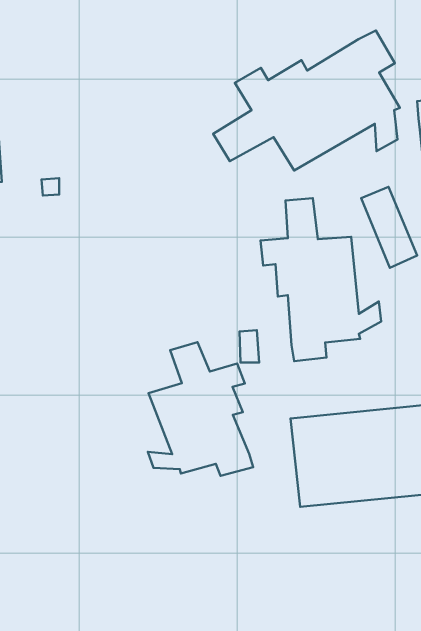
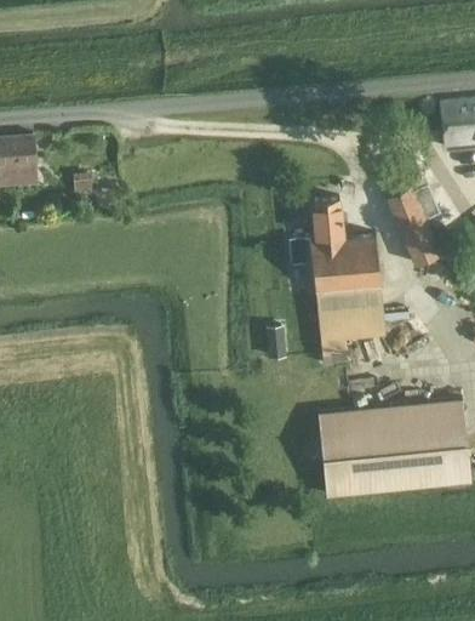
building: [213,30,400,170] -> none
building: [148,342,253,476] -> none

